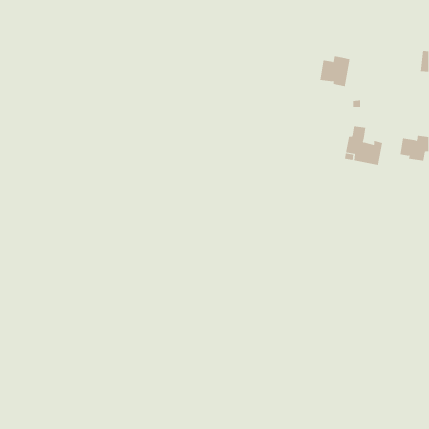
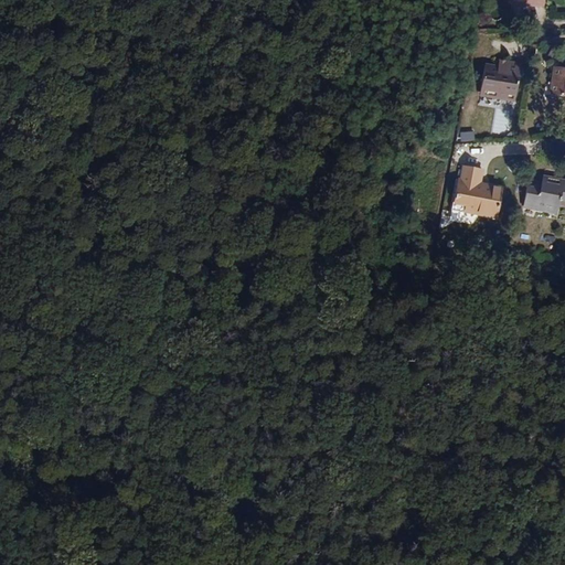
building: [320,56,351,87] -> [481,60,522,100]

